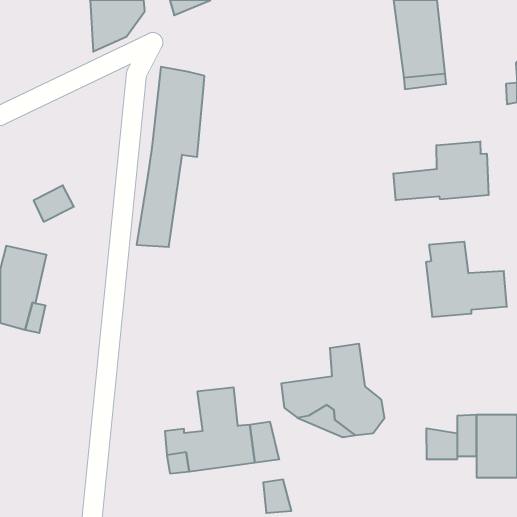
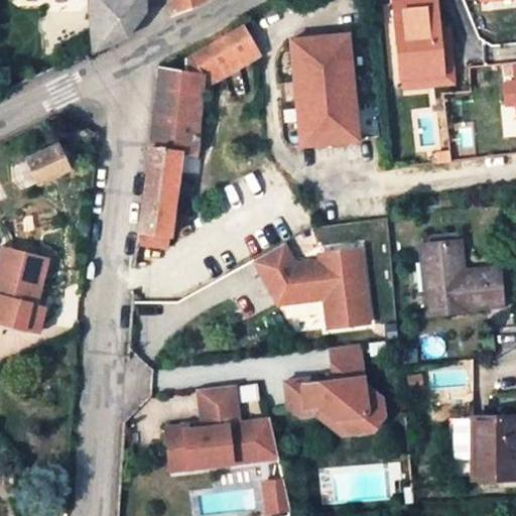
building: none -> [187,26,258,88]
building: none -> [296,35,360,147]
building: [393,141,489,200] -> none
building: [34,185,74,222] -> [28,148,69,184]
building: none -> [255,242,370,325]
building: [427,428,457,459] -> none

